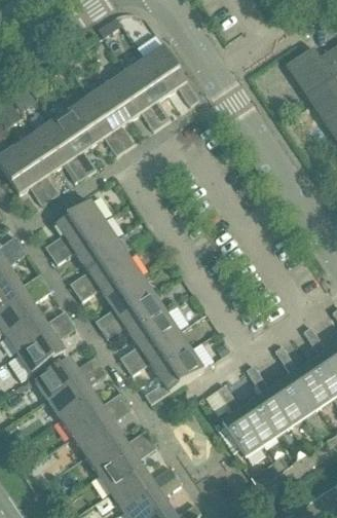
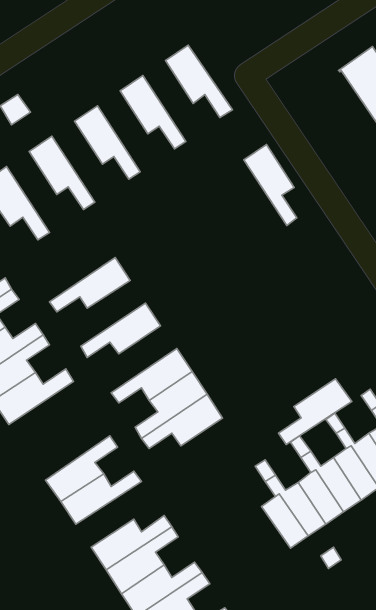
building: [126,59,170,124] -> [244,145,297,226]
building: [89,83,133,149] -> none
building: [52,108,96,174] -> none
building: [15,133,59,198] -> none
building: [45,199,104,255] -> none
building: [70,237,128,291] -> none
building: [95,274,154,329] -> none
building: [17,320,75,373] -> none
building: [145,349,204,403] -> [279,379,352,445]
building: [34,356,100,400] -> none
building: [72,401,130,454] -> none

